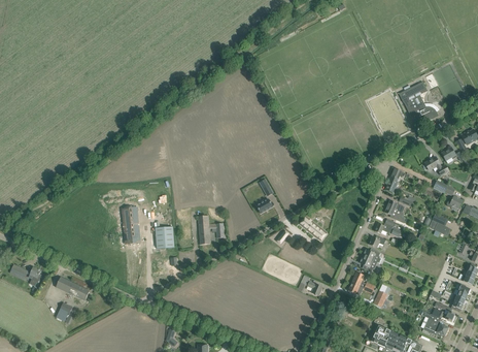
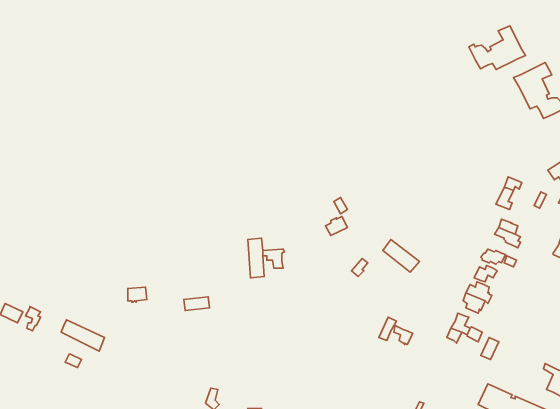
building: none -> [469,26,526,70]
building: [123,206,140,244] -> none
building: [156,226,175,249] -> none

